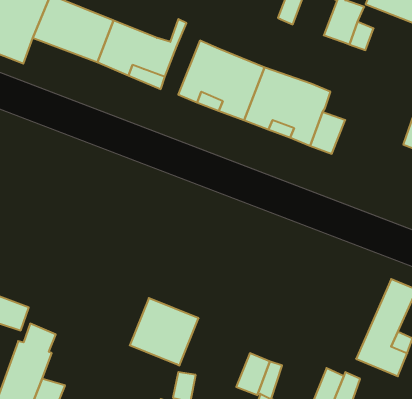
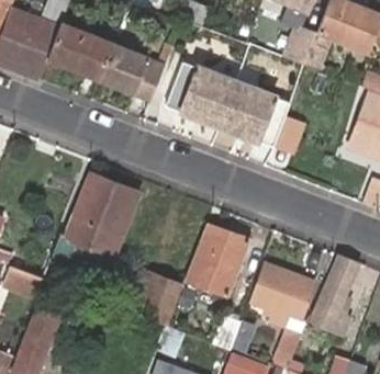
building: none -> [53,171,139,271]
building: none -> [189,225,248,295]
building: none -> [252,263,316,325]

